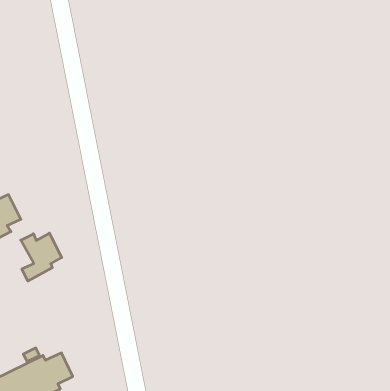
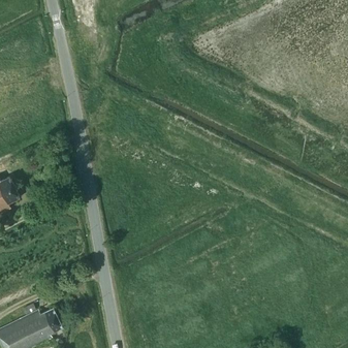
building: [21,233,62,281] -> none

